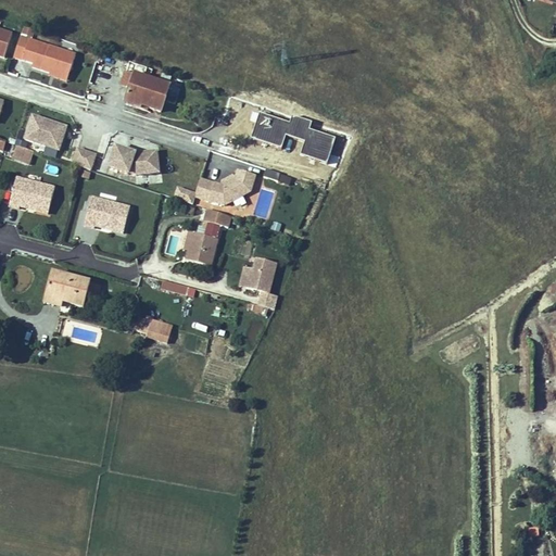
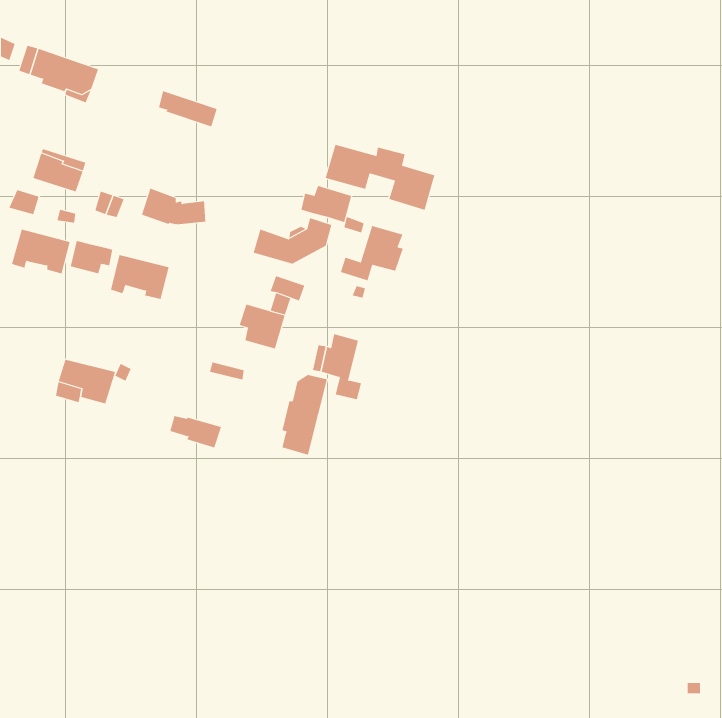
building: [124,86,163,114] -> none
building: none -> [301,185,352,223]
building: none -> [340,225,404,281]
building: none -> [70,240,113,274]
building: none -> [282,374,327,455]

